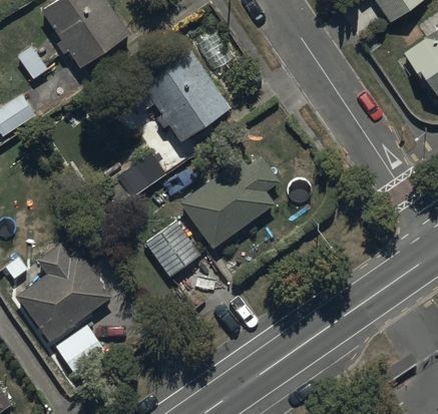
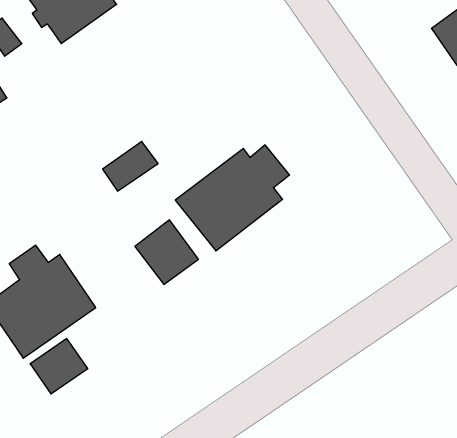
building: [133,37,231,141] -> none

